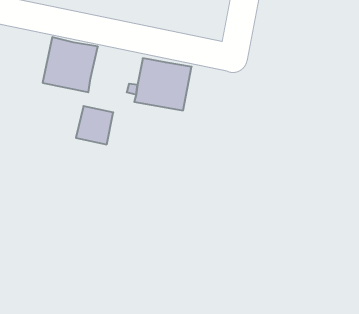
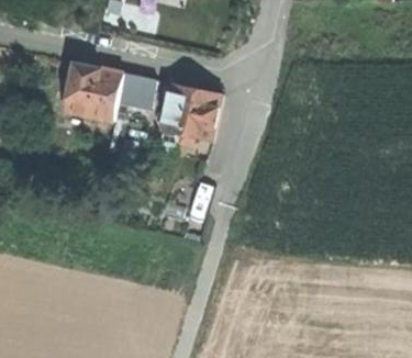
building: [76,106,113,144] -> [116,74,155,113]

